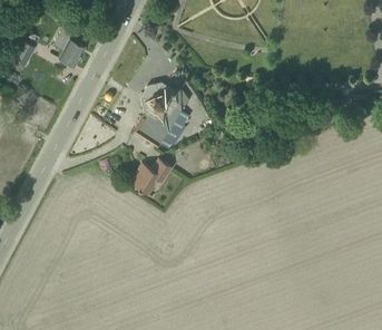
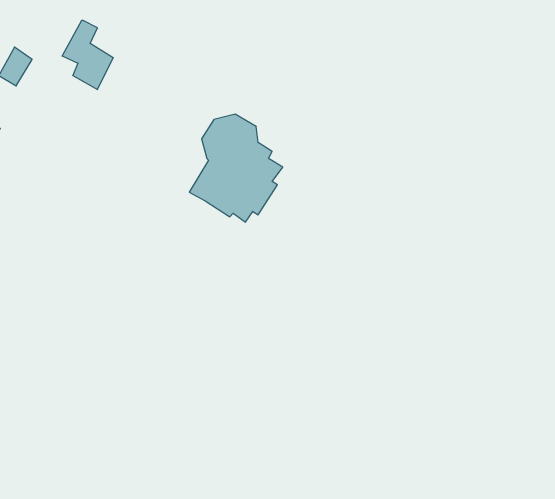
building: [130,157,172,193] -> none

